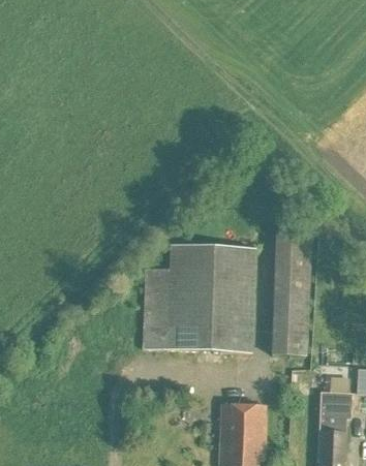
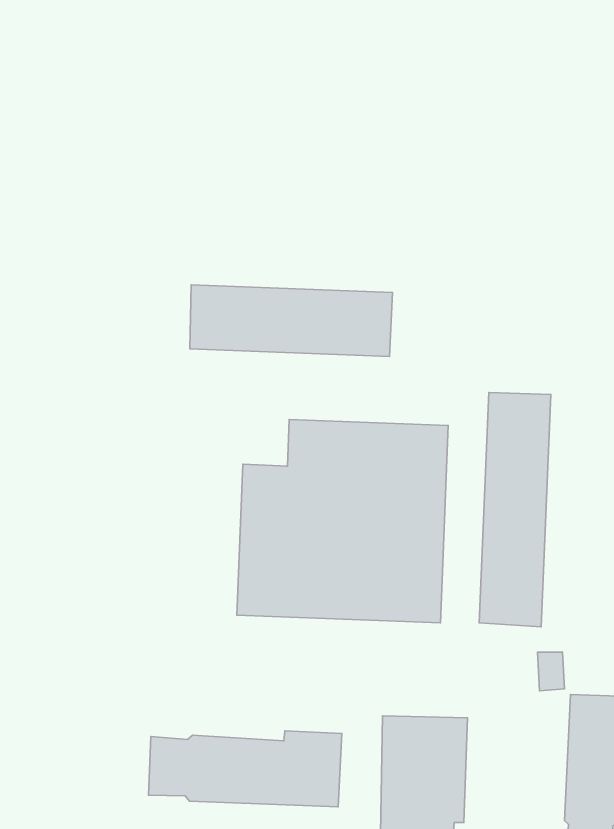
building: none -> [190,285,392,356]
building: none -> [149,731,342,807]

